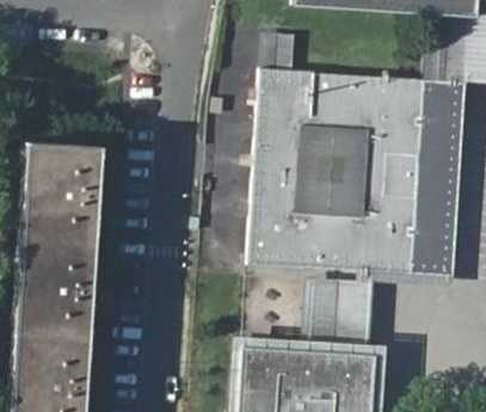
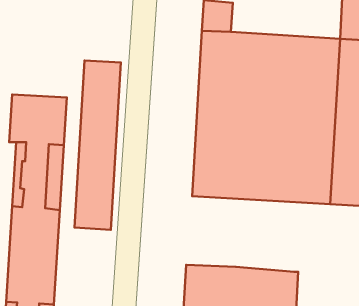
building: none -> [75,60,121,230]
building: [300,277,375,356] -> none

